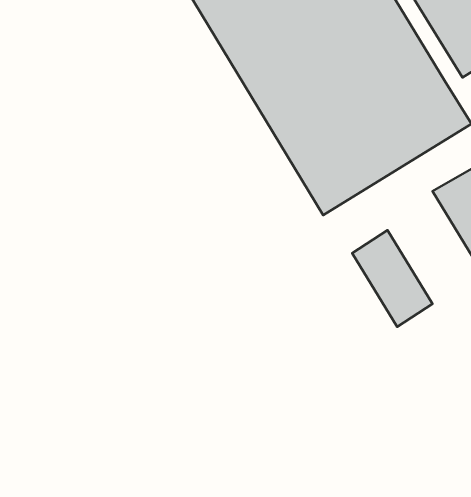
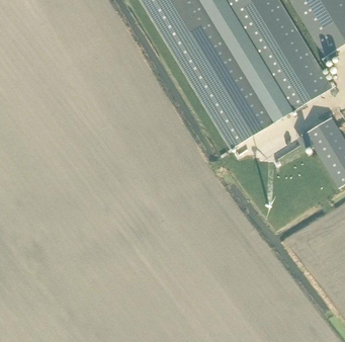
building: [352,230,433,327] -> none

